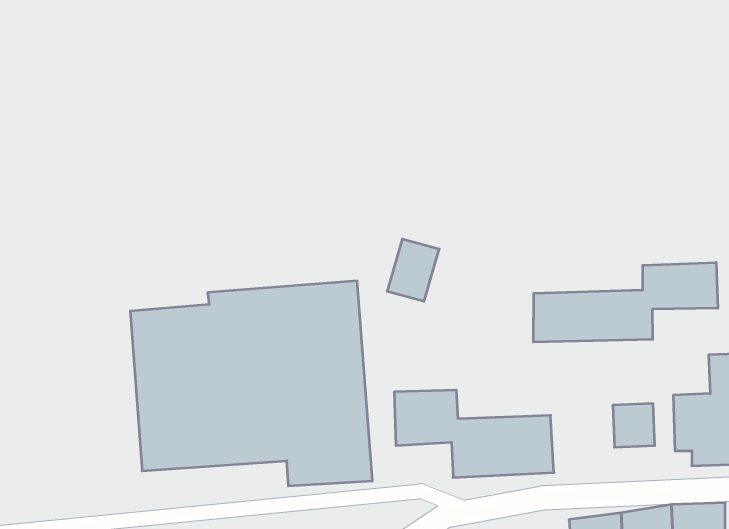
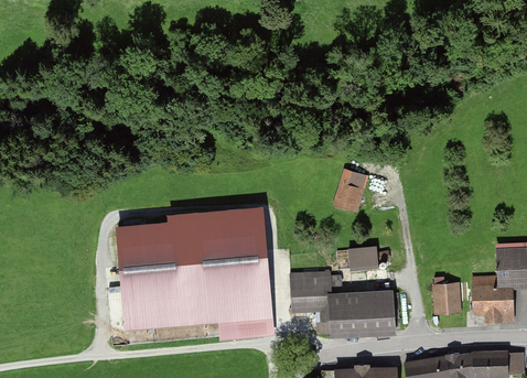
building: [387,239,439,301] -> [334,172,368,213]
building: [533,262,718,342] -> none
building: none -> [345,248,377,269]

